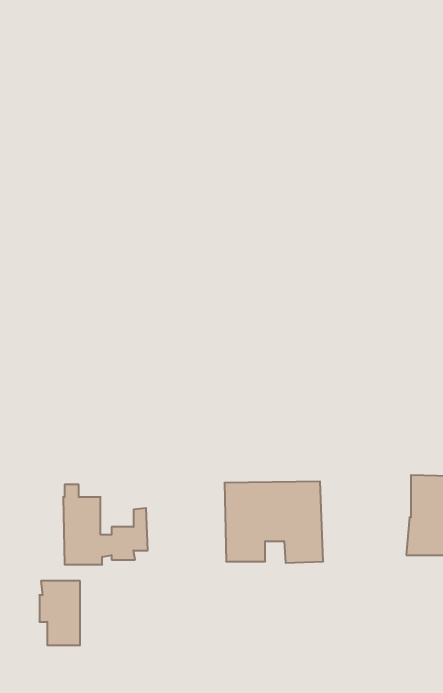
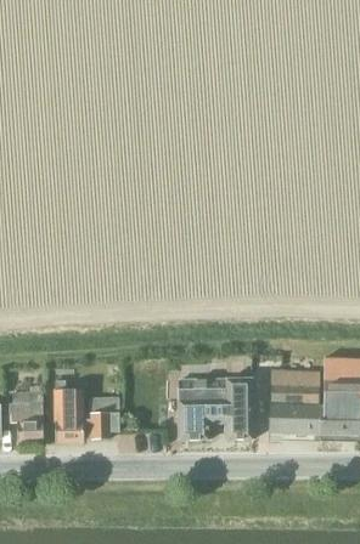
building: none -> [268,368,322,432]
building: [39,581,80,645] -> [11,390,43,440]

